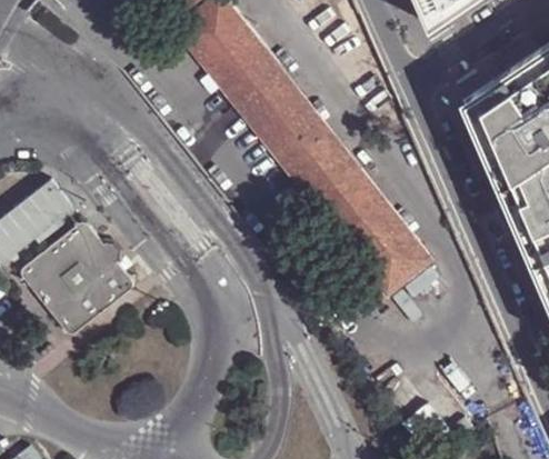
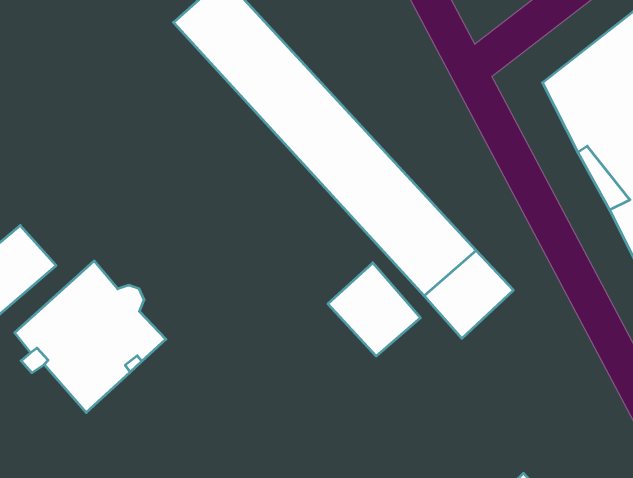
building: none -> [328,263,420,356]

